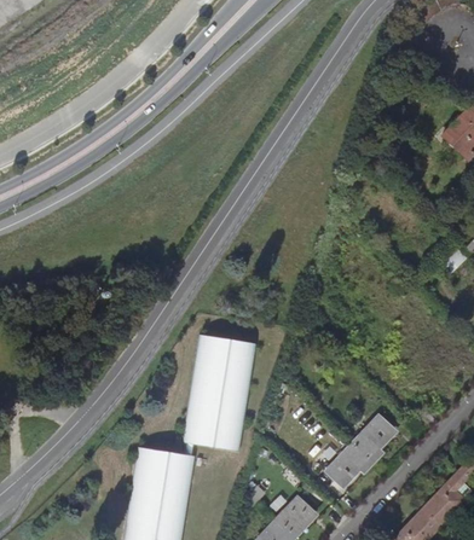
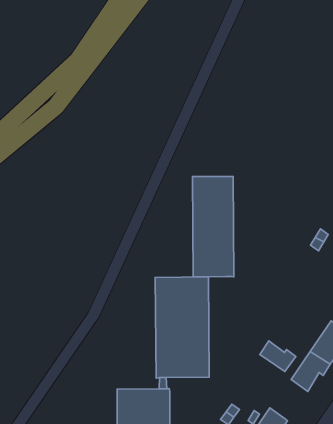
building: none -> [192,176,234,277]
building: none -> [260,341,296,371]

